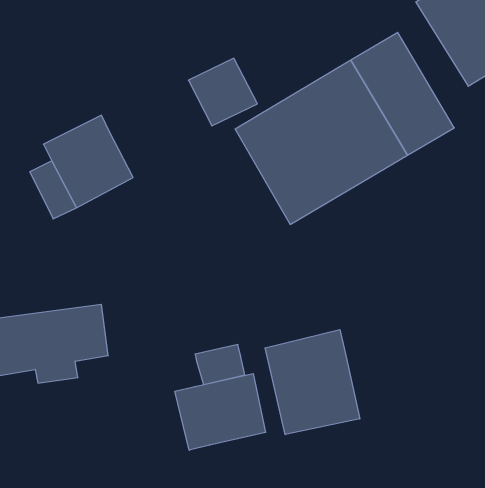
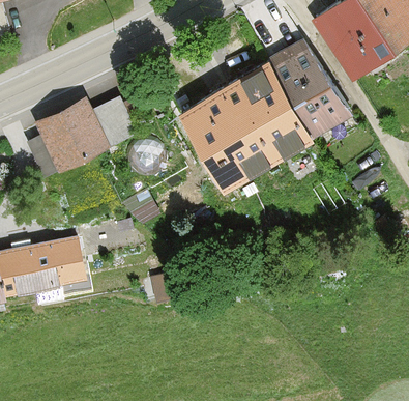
building: [188,58,257,126] -> [86,96,138,147]
building: [265,330,360,435] -> none
building: [175,374,266,450] -> none

